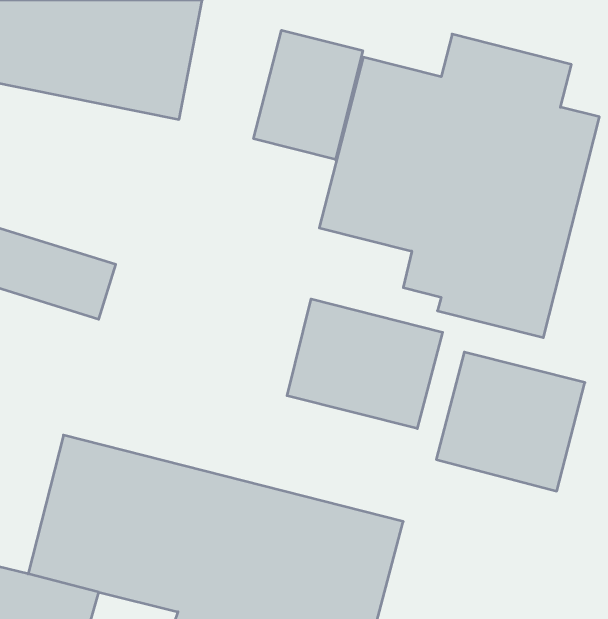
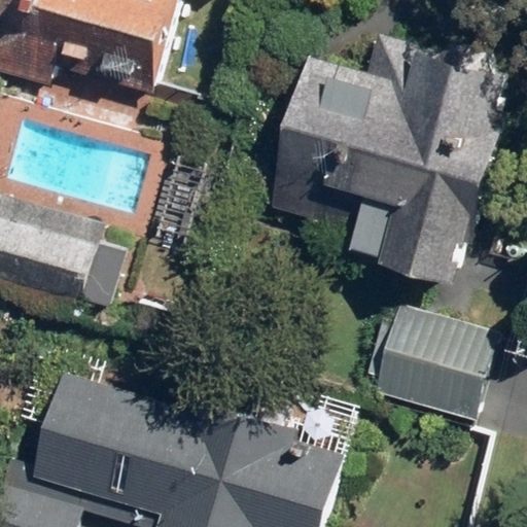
building: [254,30,363,160] -> none
building: [287,299,443,429] -> none

